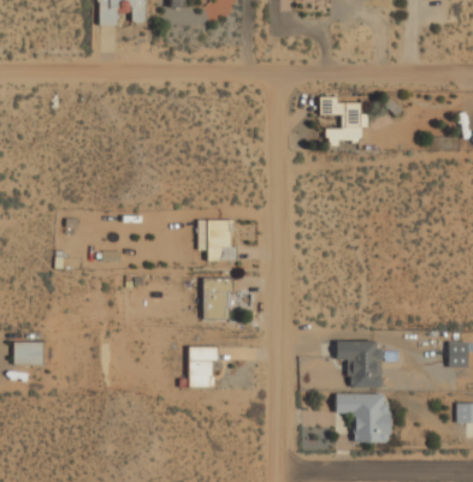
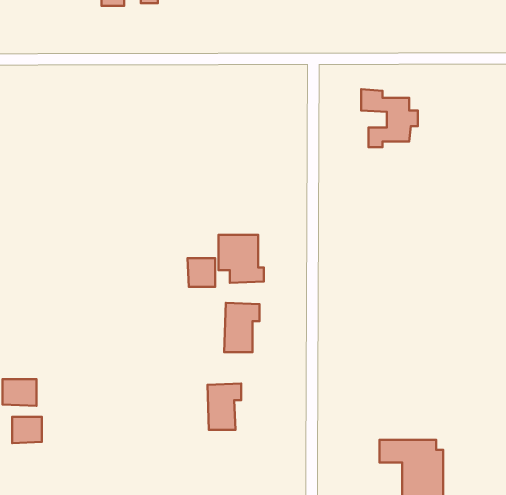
building: none -> [187,258,215,287]
building: [335,341,379,388] -> none
building: none -> [12,417,42,443]

